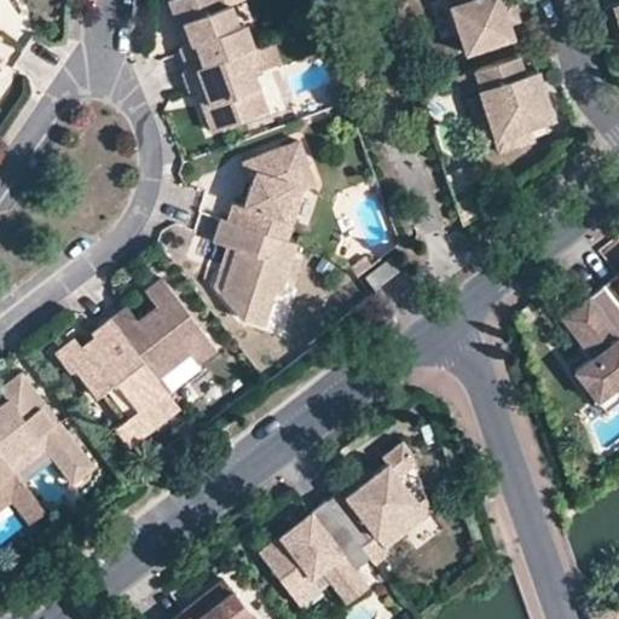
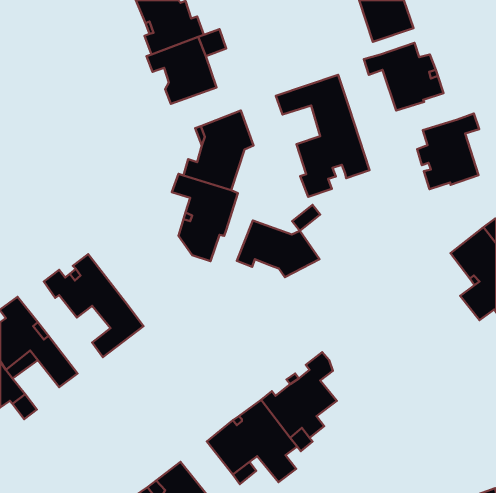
building: none -> [276,75,370,197]
building: none -> [417,113,479,189]
building: none -> [237,221,320,277]
building: [110,279,216,380] -> none

